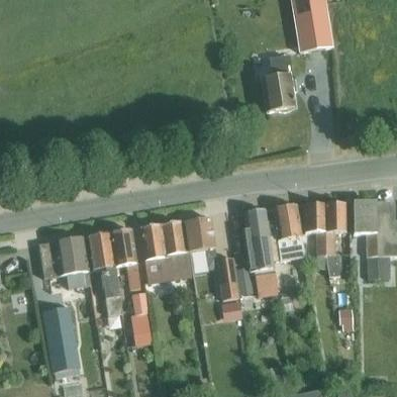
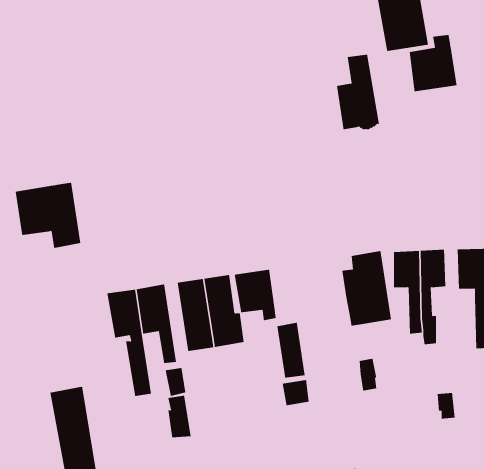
building: none -> [409,34,457,92]
building: [243,209,278,297] -> none
building: [39,237,90,288] -> [15,182,81,249]

